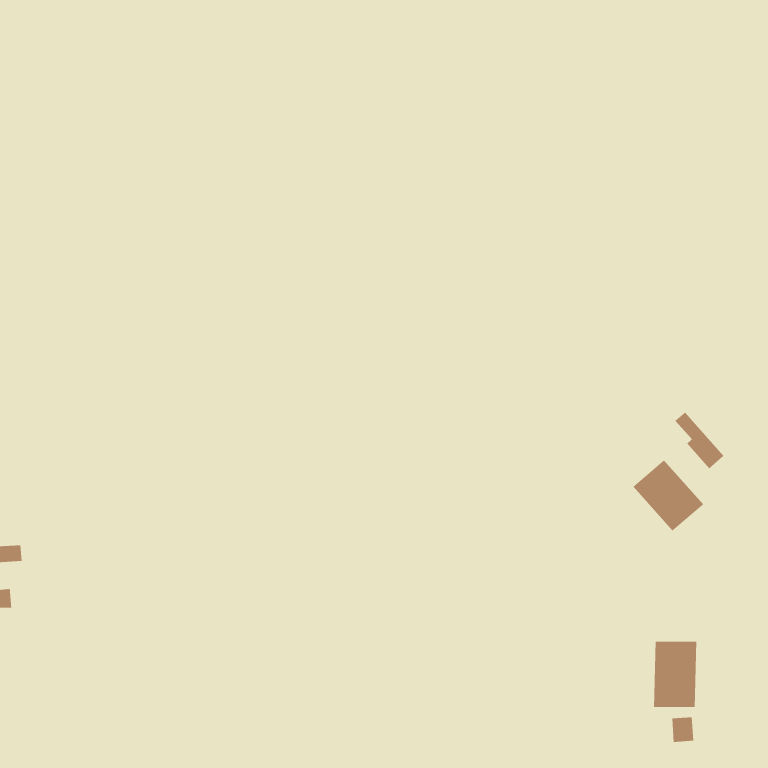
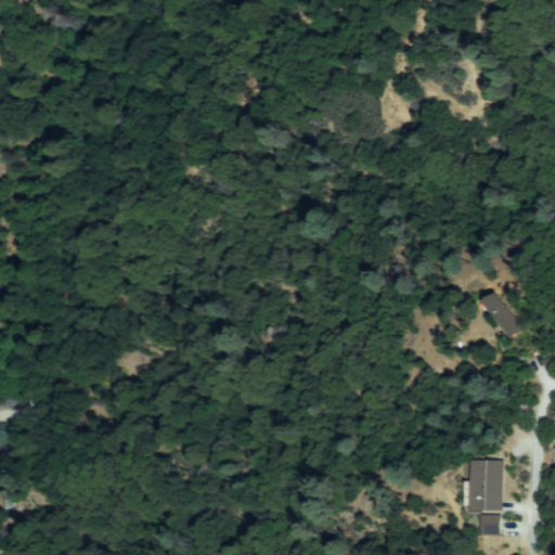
building: [632,460,704,531] -> none

